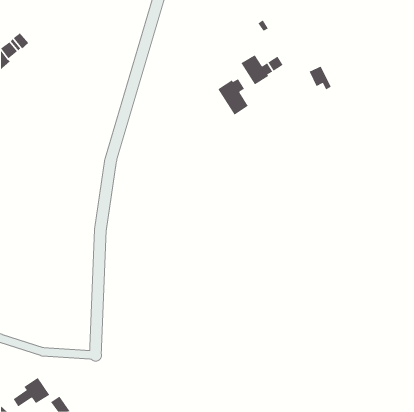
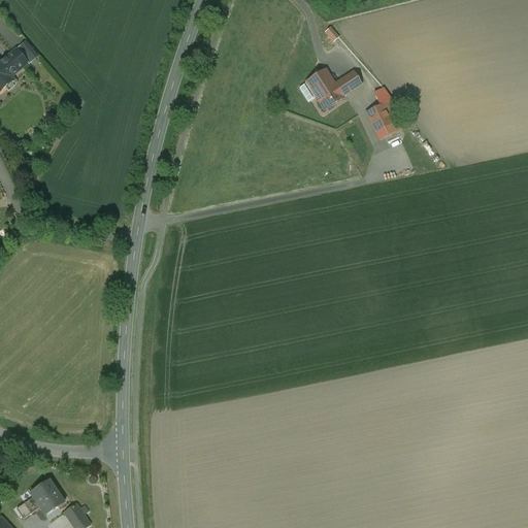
building: [309,66,332,90] -> [366,103,395,134]
building: [218,78,249,115] -> none

